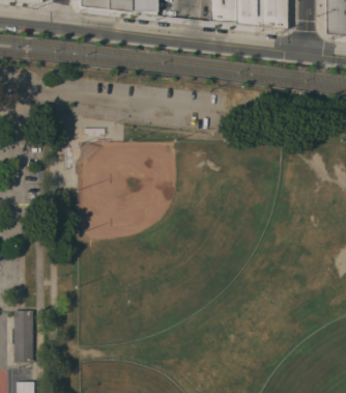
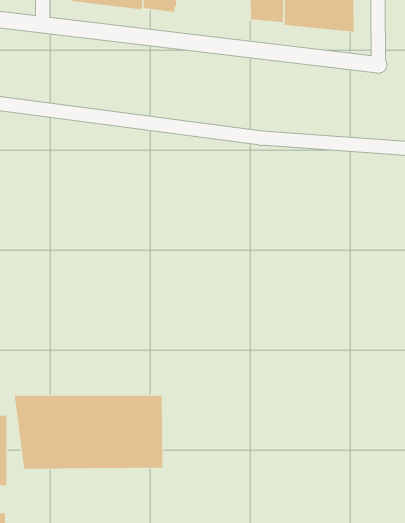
building: none -> [14,395,163,470]

